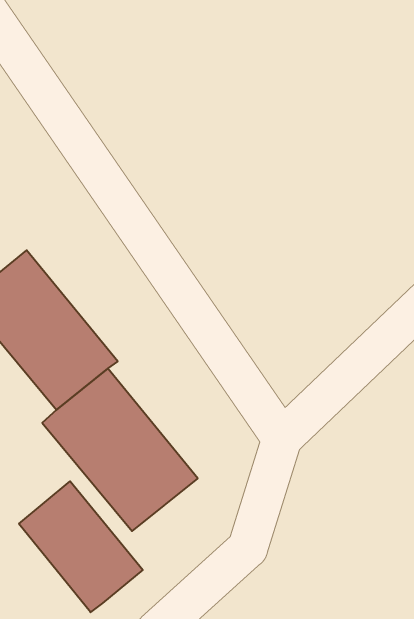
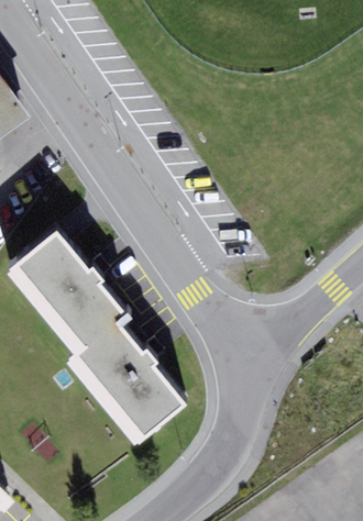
building: [19,481,143,612] -> none

